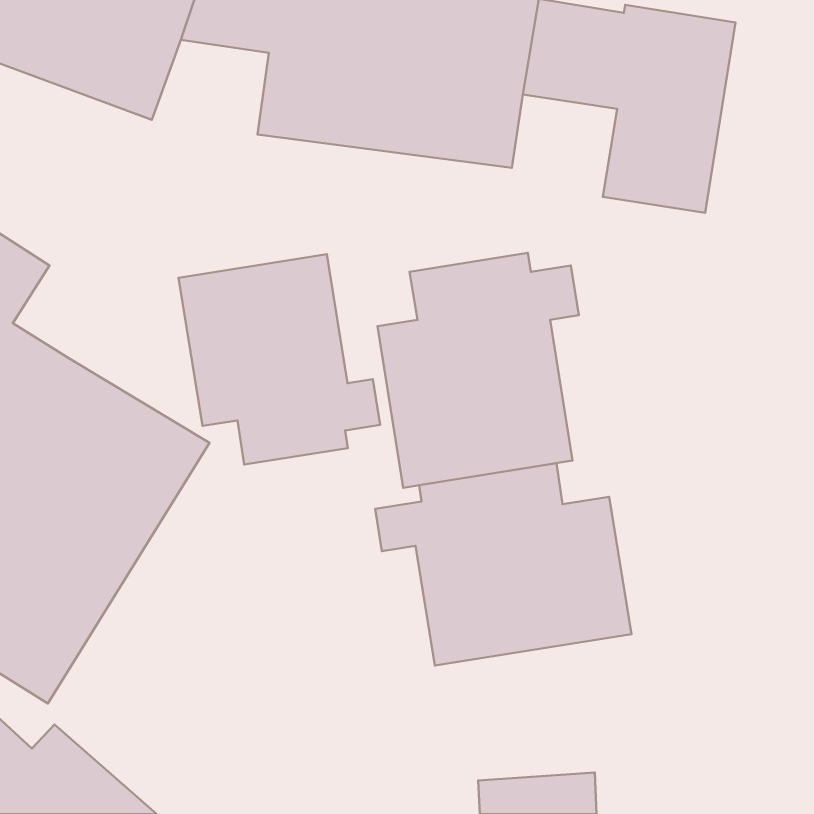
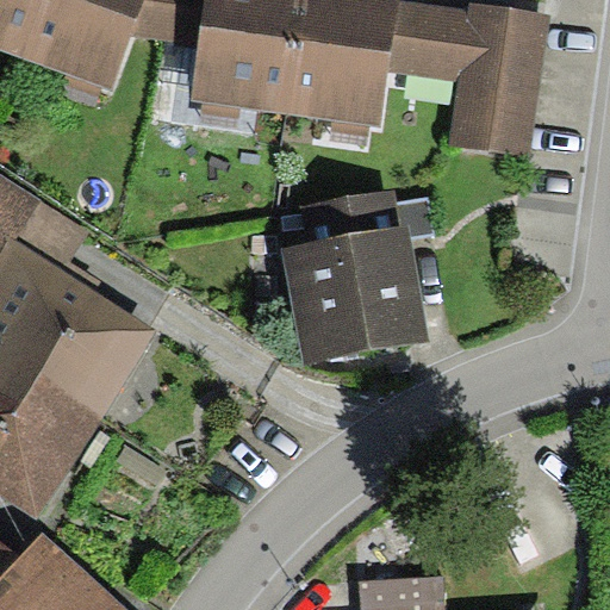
building: [178,254,380,464] -> none
building: [375,463,631,666] -> none

